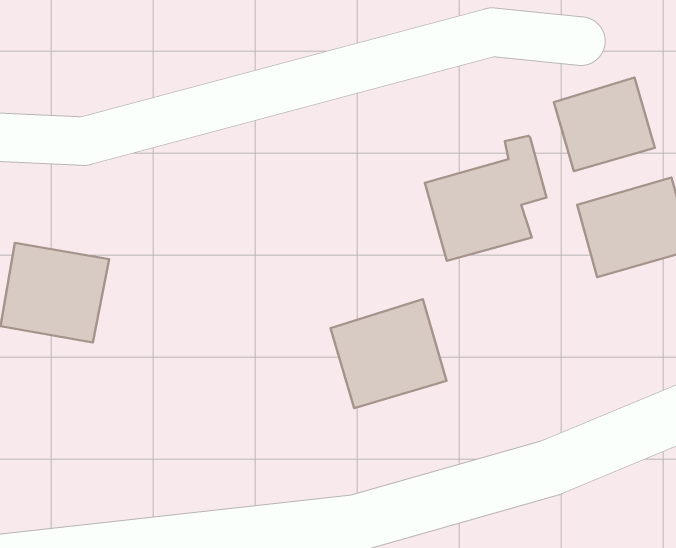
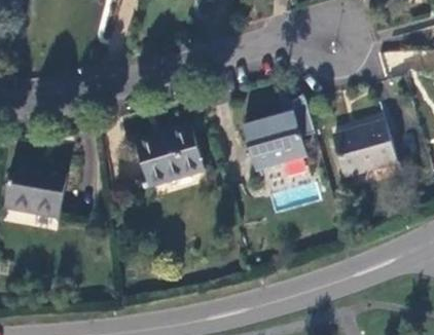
building: [554,77,655,171] -> none
building: [330,299,447,408] -> [138,125,204,187]

